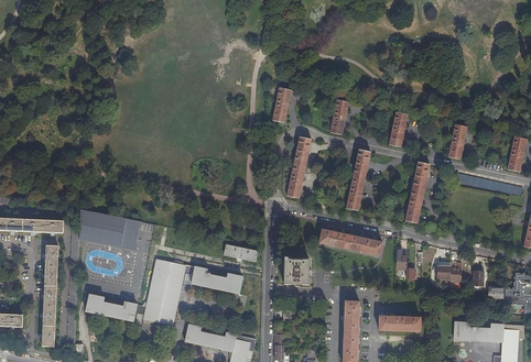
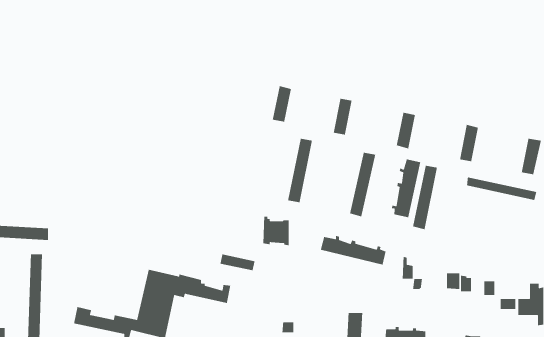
building: none -> [391,159,421,218]
building: [79,210,142,250] -> none
building: [283,256,308,285] -> [262,216,289,246]

